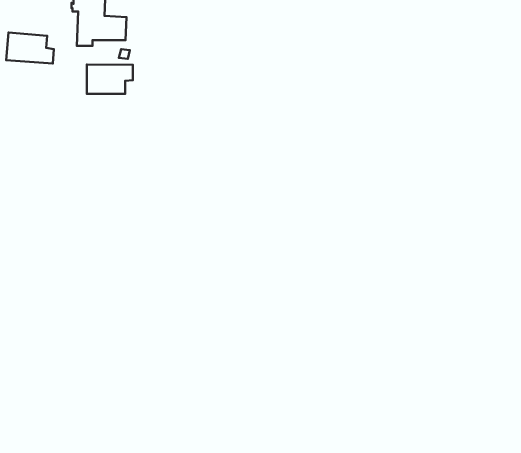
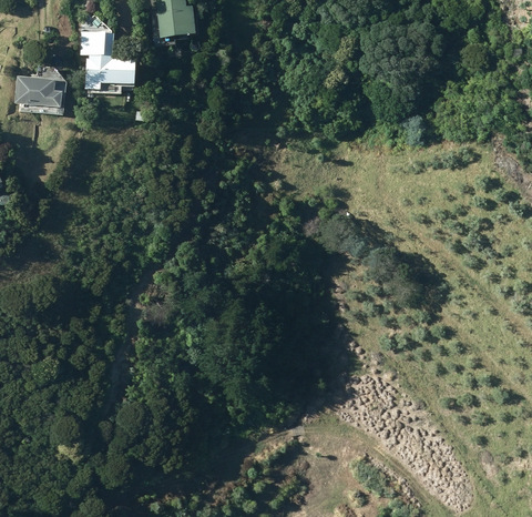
building: [87,64,133,94] -> none

